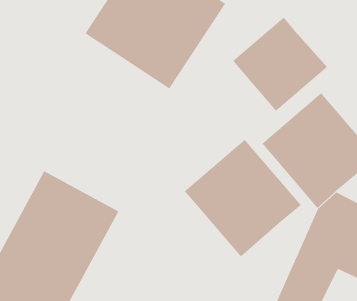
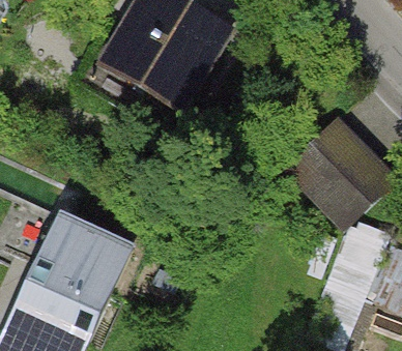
building: [232,16,328,112] -> none
building: [184,139,302,258] -> none

